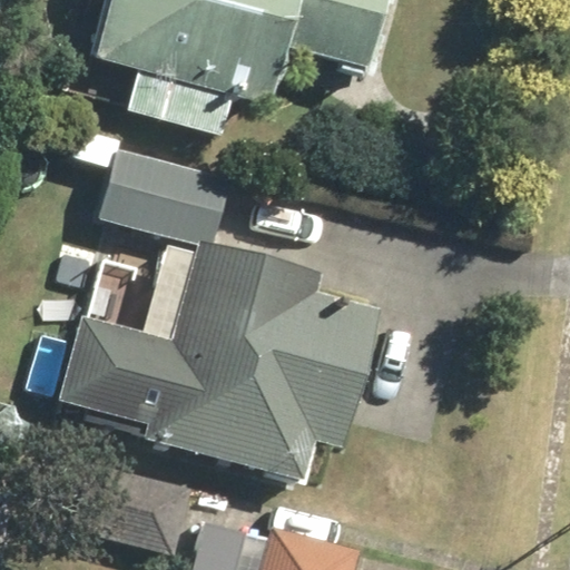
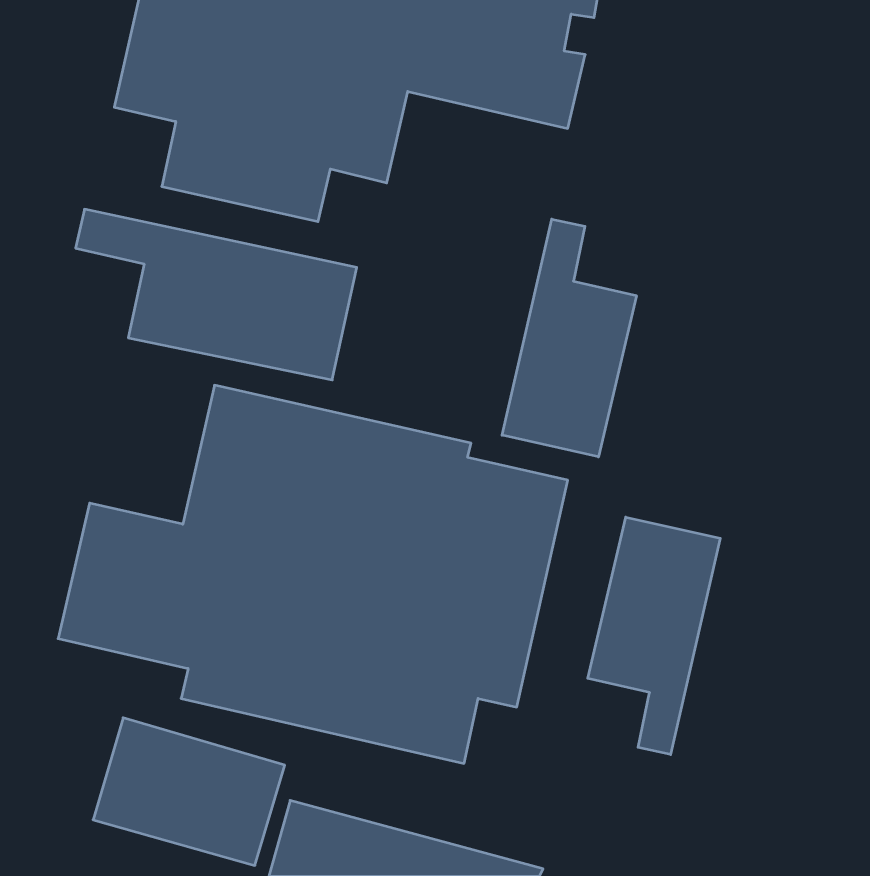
building: none -> [502,219,636,457]
building: none -> [588,517,720,755]

